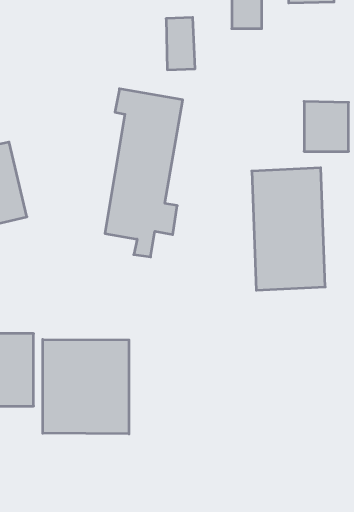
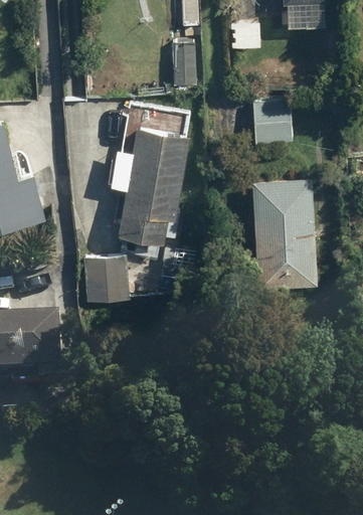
building: [304,101,349,151] -> [252,98,293,143]
building: none -> [86,252,131,302]
building: [43,339,129,434] -> none

